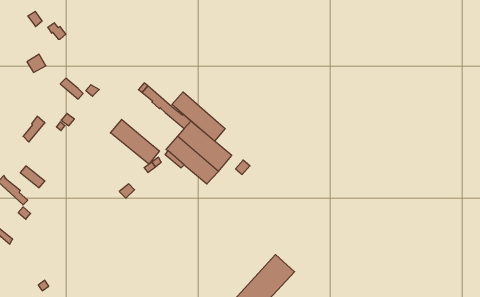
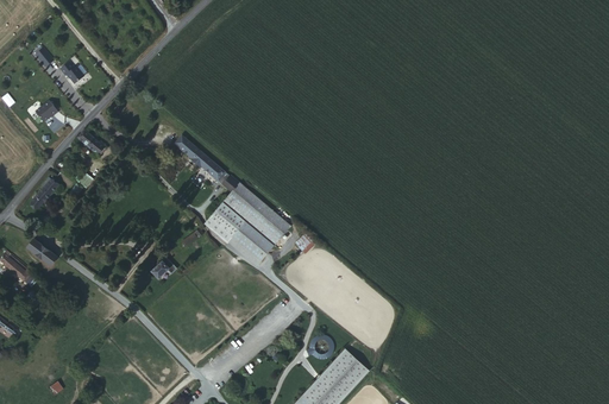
building: [172,92,225,141] -> none
building: [110,119,159,164] -> none

